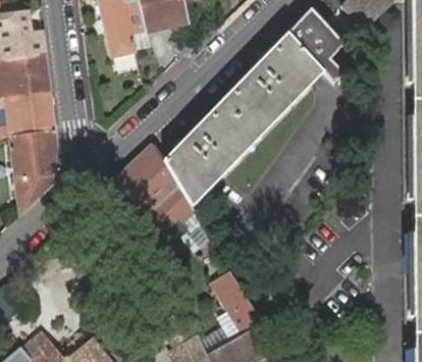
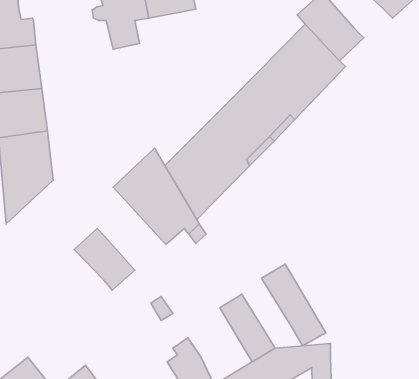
building: none -> [74,229,135,290]
building: none -> [262,264,326,346]

